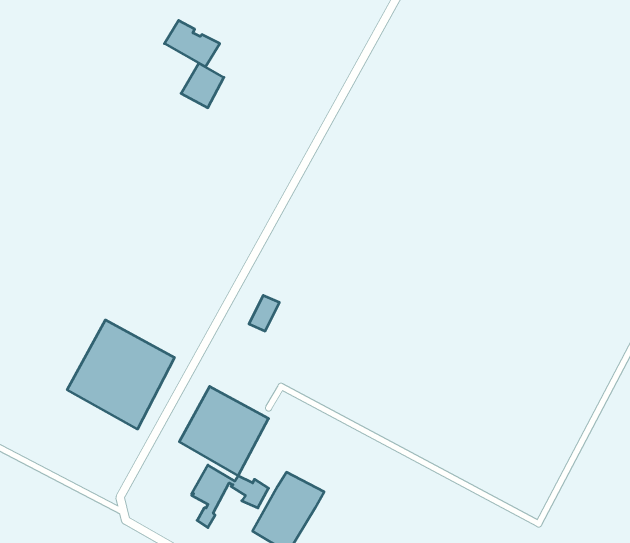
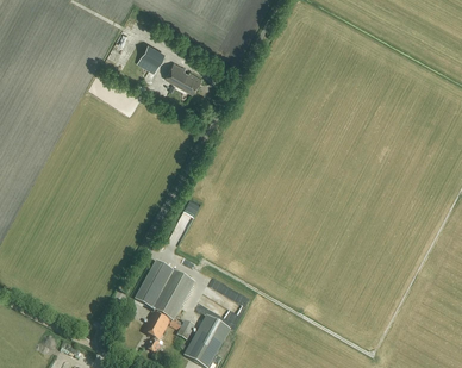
building: [164,20,220,67] -> [164,62,201,93]
building: [67,320,174,429] -> none

